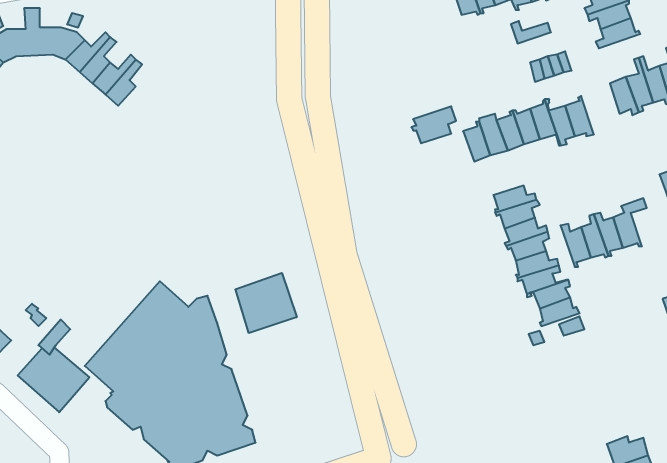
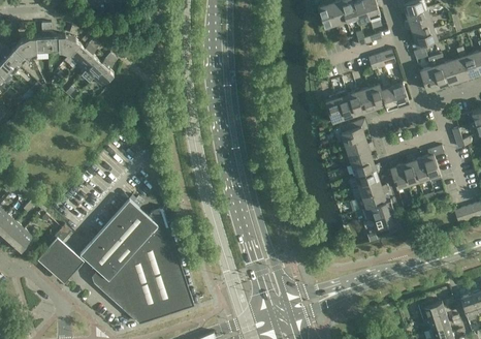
building: [411,106,456,143] -> [338,120,366,144]
building: [235,273,297,333] -> none

